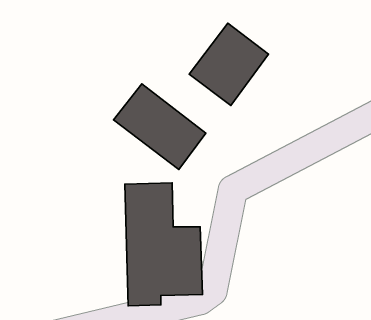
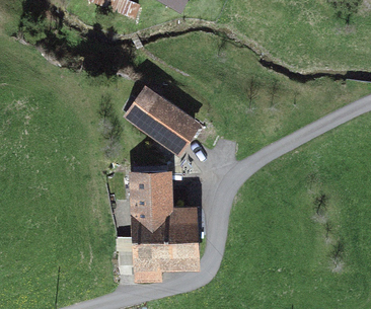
building: [189,23,269,105] -> none

